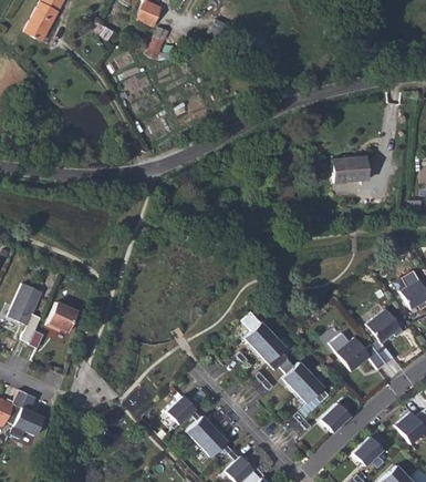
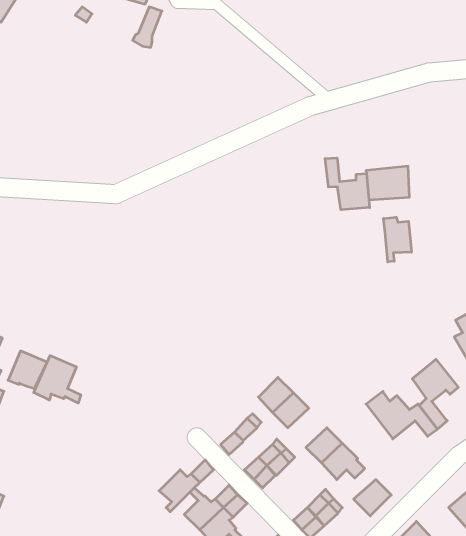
building: none -> [325,158,370,210]
building: none -> [384,217,411,262]
building: none -> [34,356,81,403]

